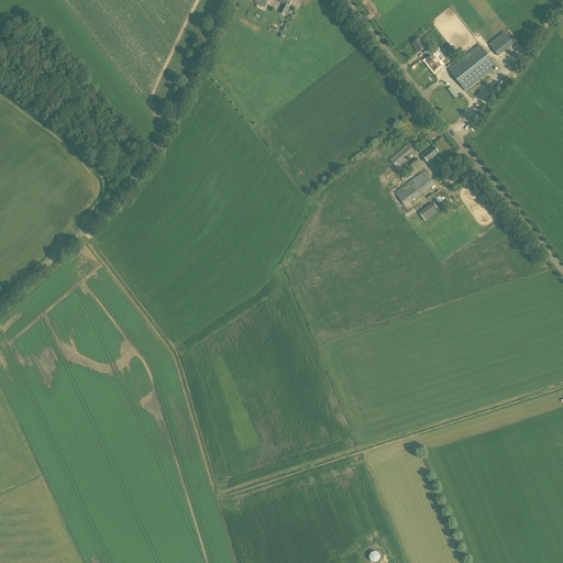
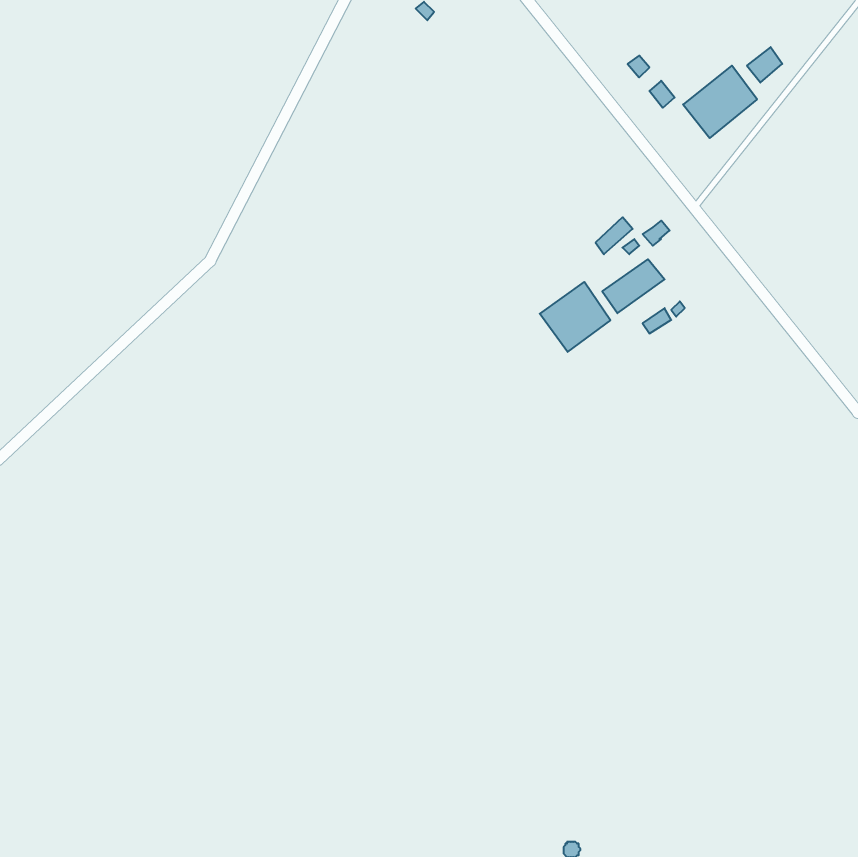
building: none -> [540,282,610,352]

